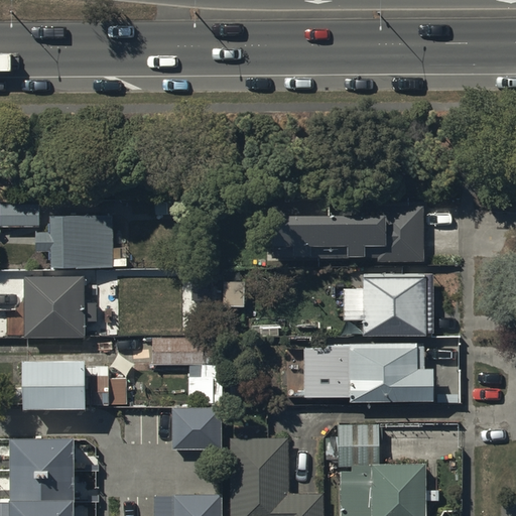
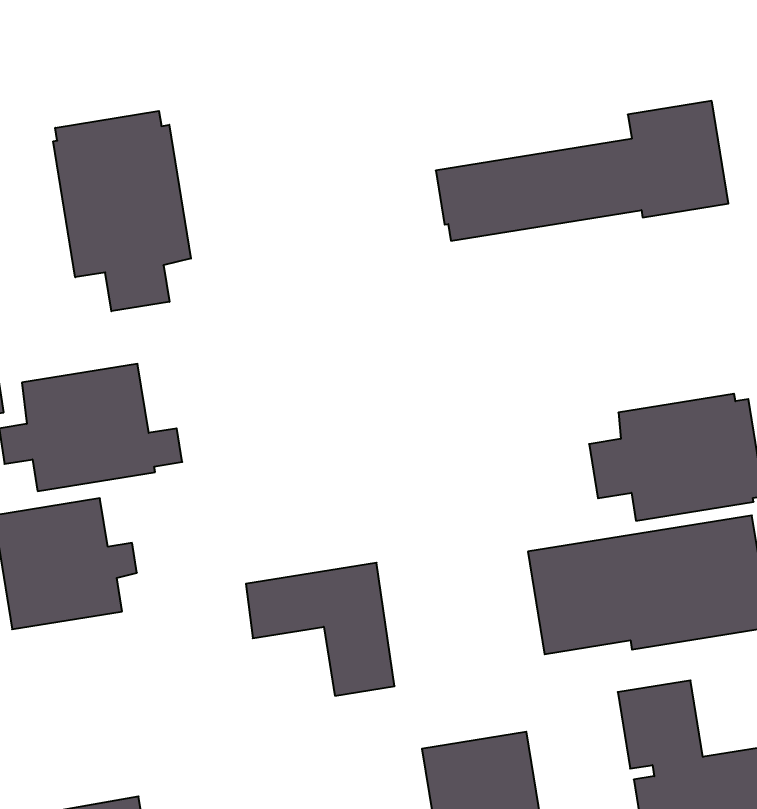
building: none -> [53,111,191,311]
building: [271,207,422,262] -> [436,101,728,241]
building: [20,363,125,414] -> none
building: [173,407,221,446] -> none

